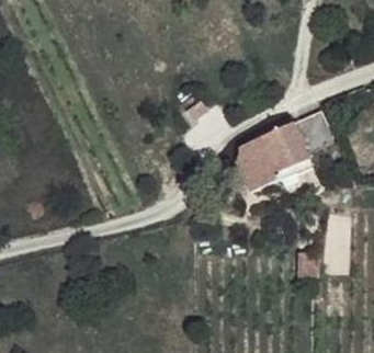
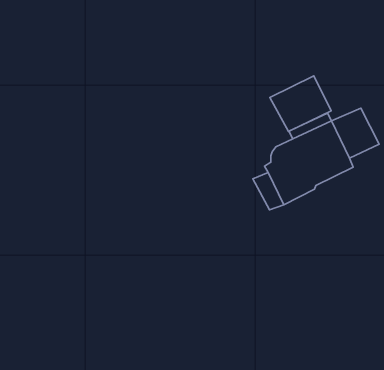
building: none -> [270,76,331,131]

